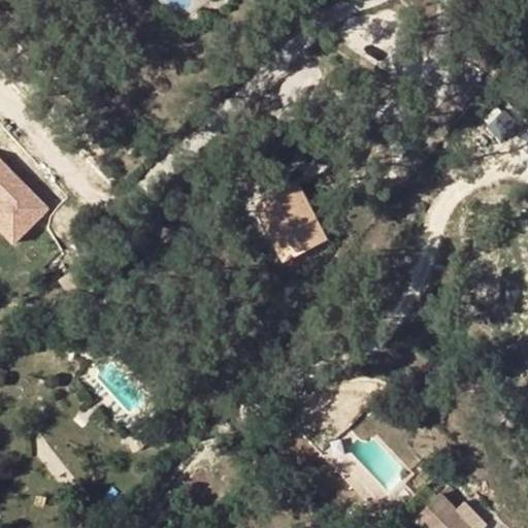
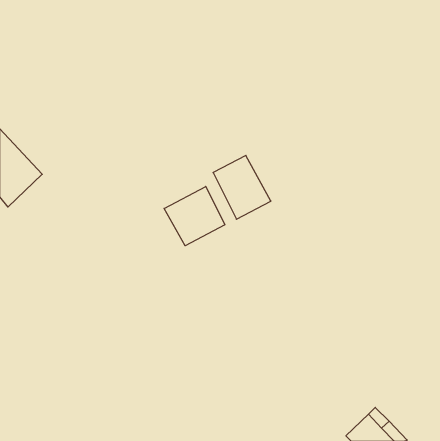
building: none -> [164,186,225,246]

